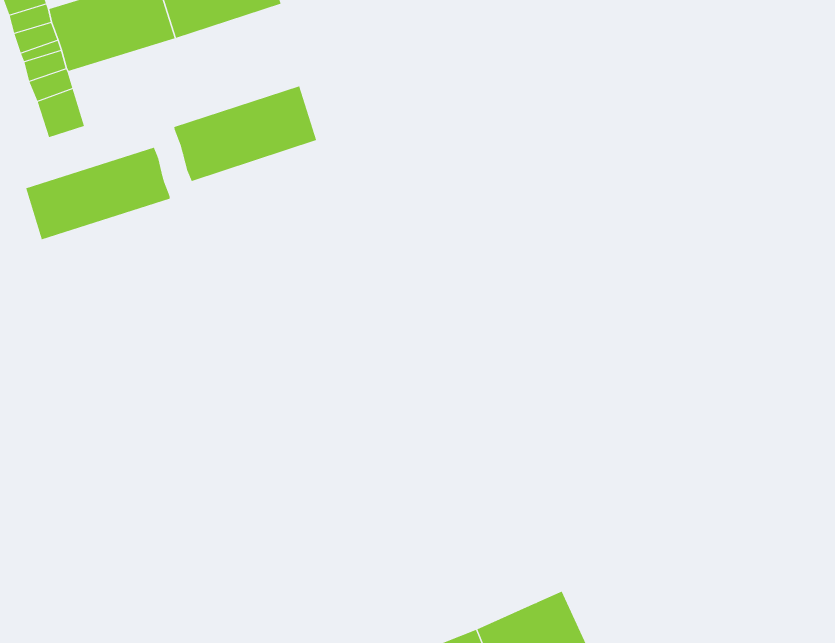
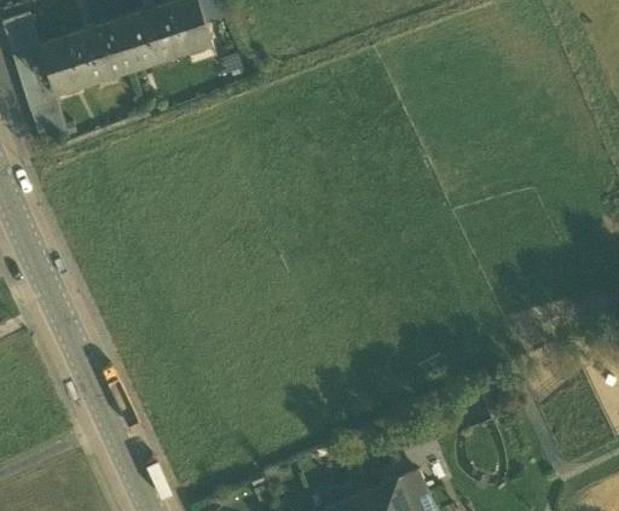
building: [174,85,317,182] -> none
building: [25,147,170,240] -> none

